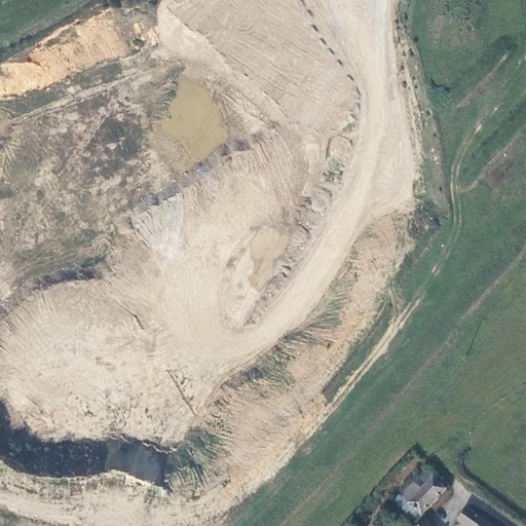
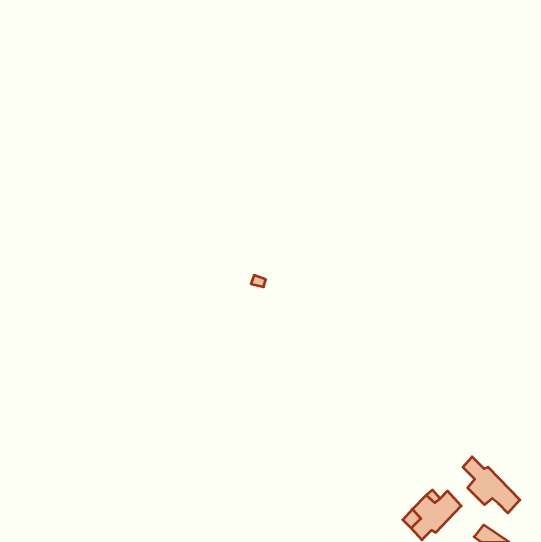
building: none -> [463,457,520,513]

